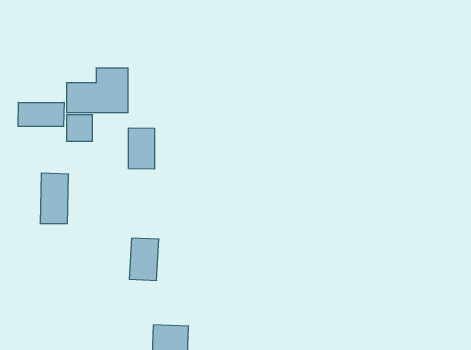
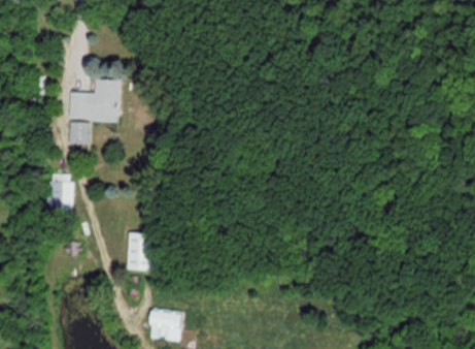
building: [18,102,64,126] -> none
building: [129,128,154,169] -> none

